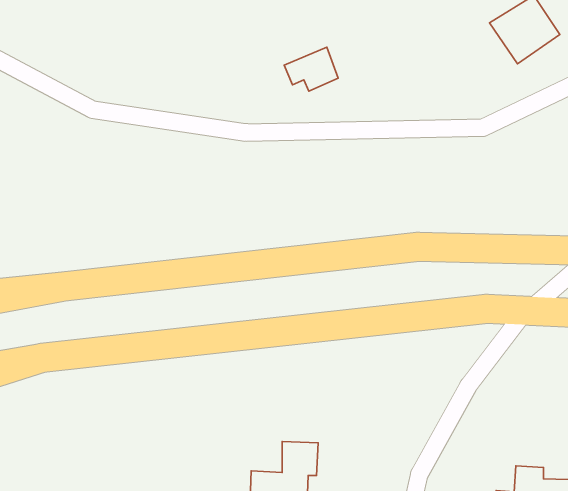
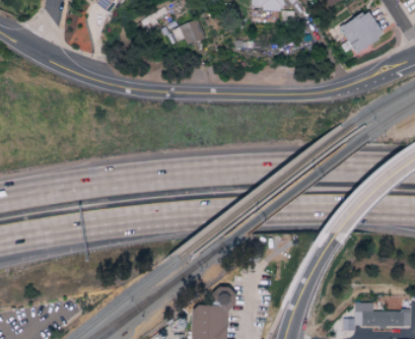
building: [284,47,338,91] -> [172,18,206,46]

